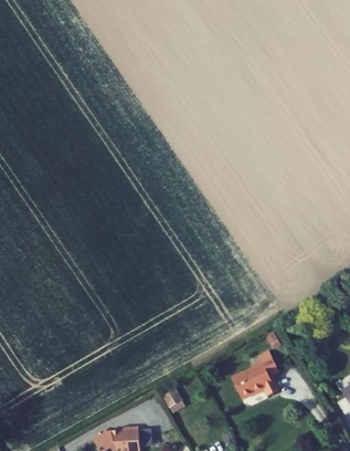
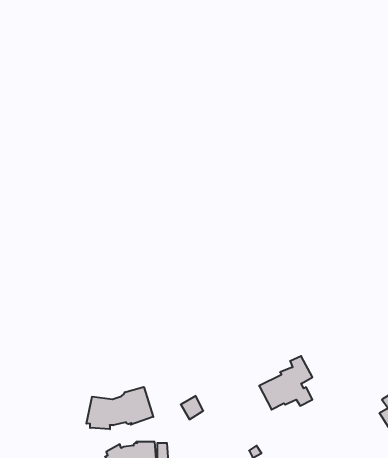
building: none -> [86,387,153,429]

